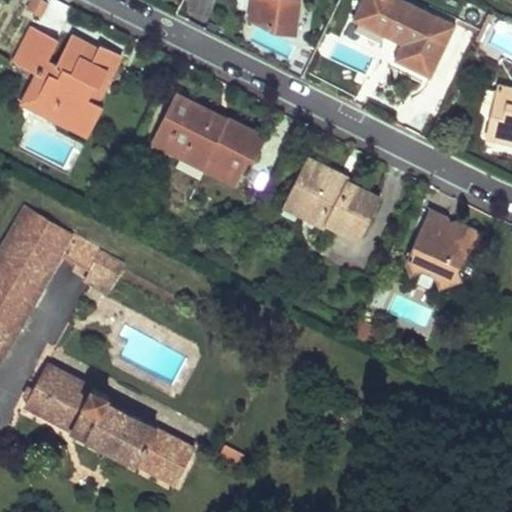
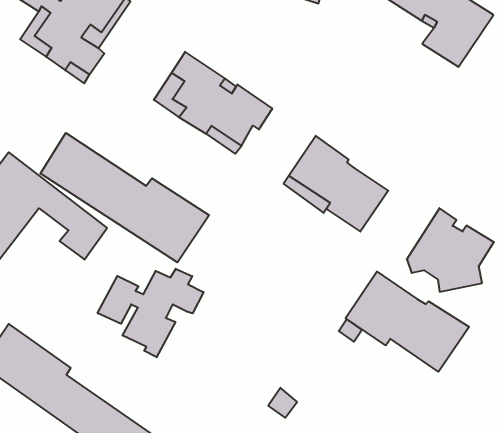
building: none -> [40,133,209,262]
building: none -> [346,272,469,372]
building: none -> [98,269,204,357]

